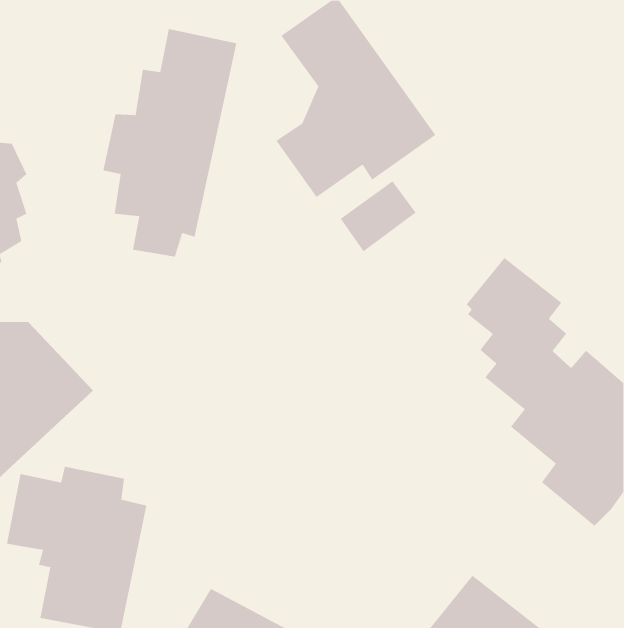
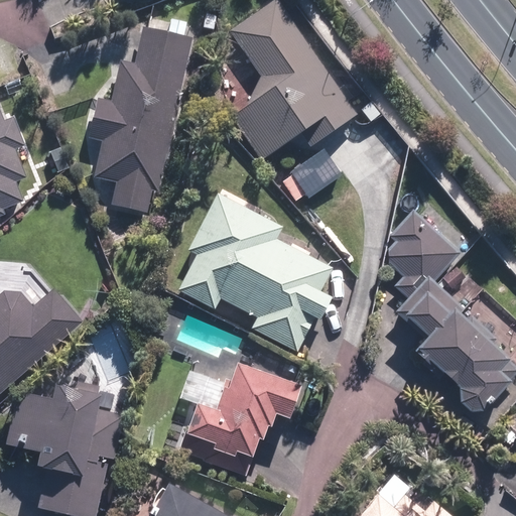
building: none -> [175,190,335,358]
building: none -> [186,357,303,458]

